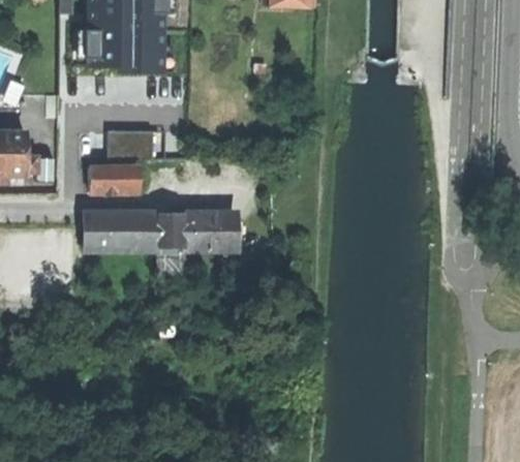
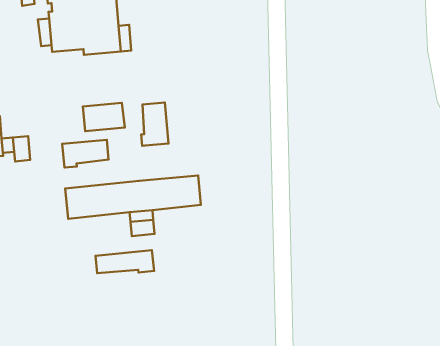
building: none -> [141,102,168,146]
building: none -> [95,250,154,273]

